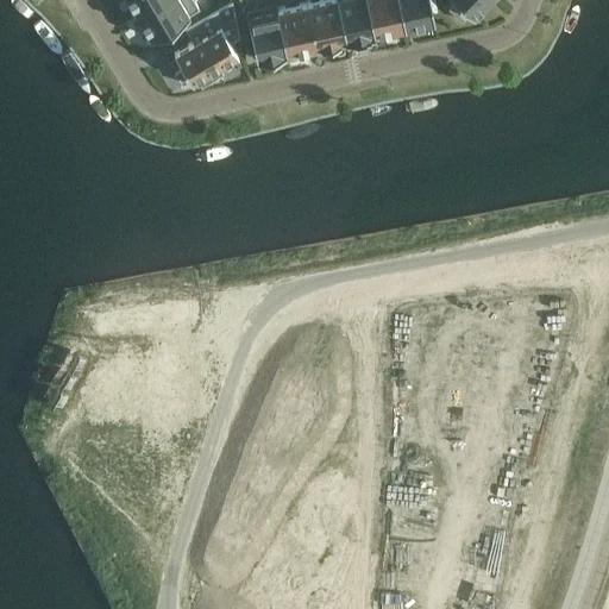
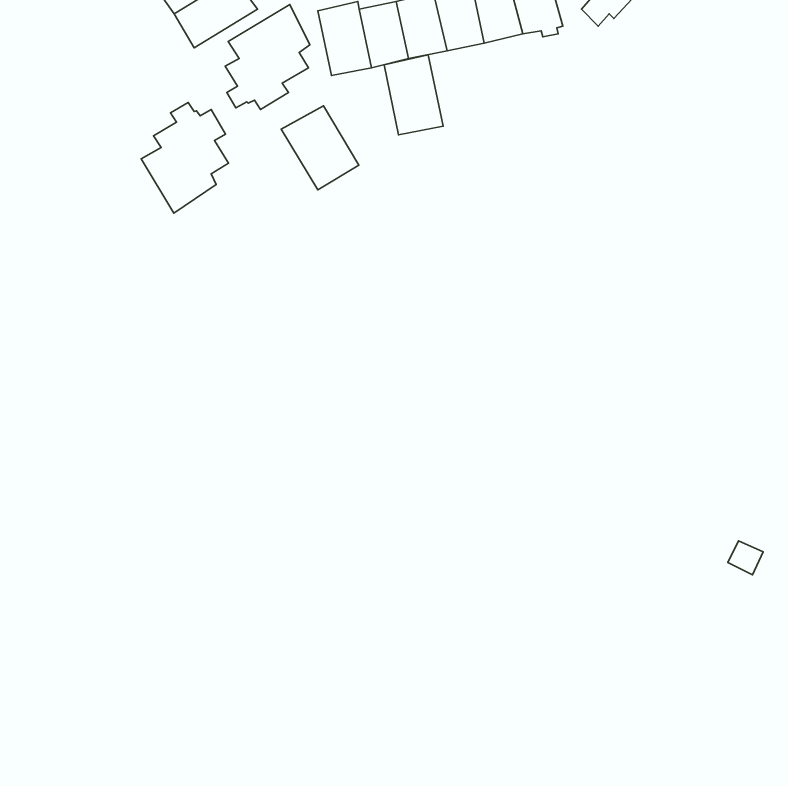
building: none -> [384,55,443,135]
building: none -> [141,102,229,213]
building: none -> [281,106,359,190]

